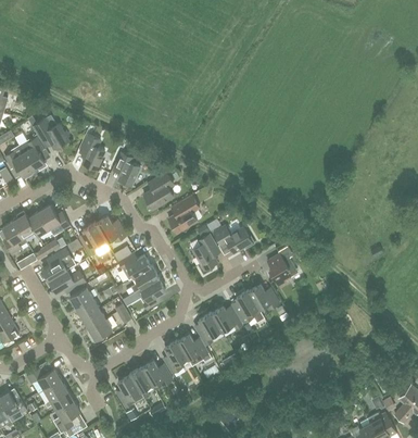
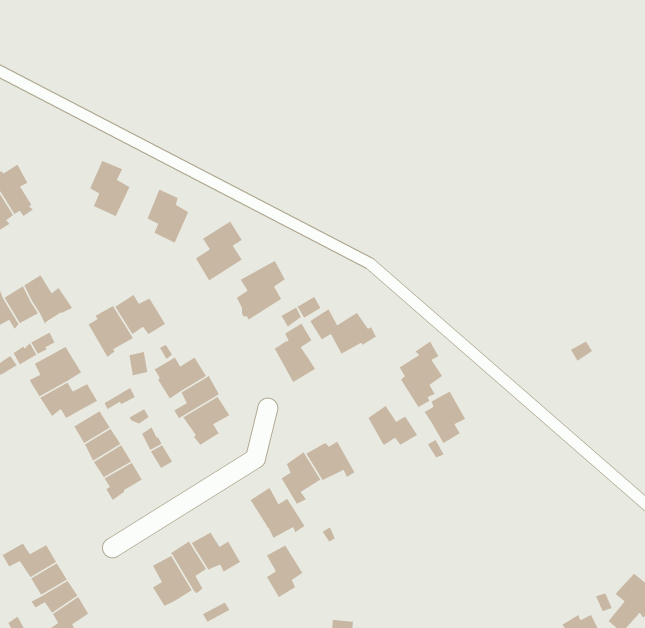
building: [31,120,68,148] -> none
building: [231,290,257,323] -> [423,390,466,444]
building: [164,340,187,373] -> [266,545,303,598]

